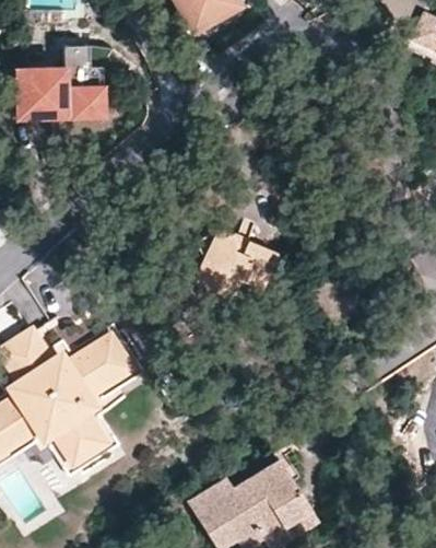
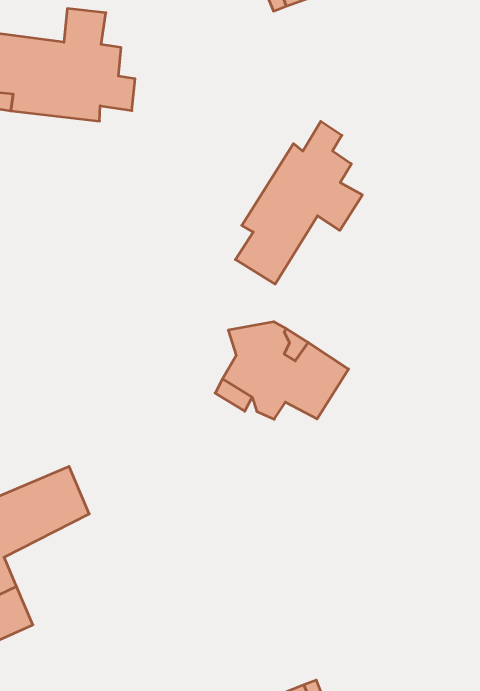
building: none -> [235,121,362,284]

